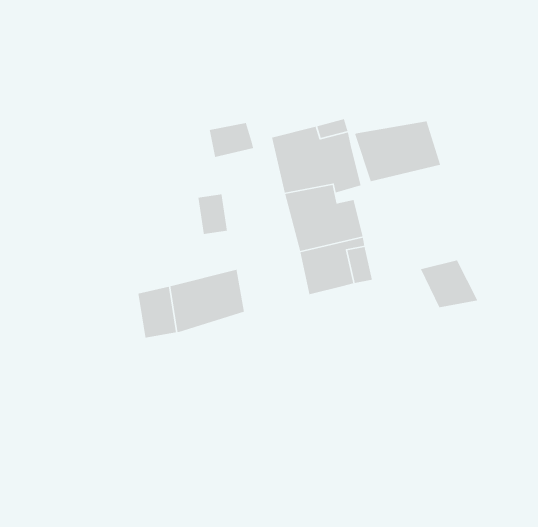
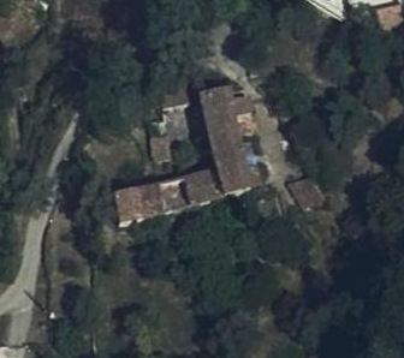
building: [354,120,441,182] -> none
building: none -> [173,168,219,207]

